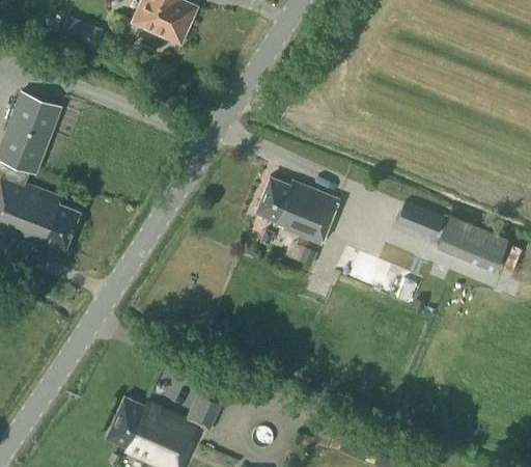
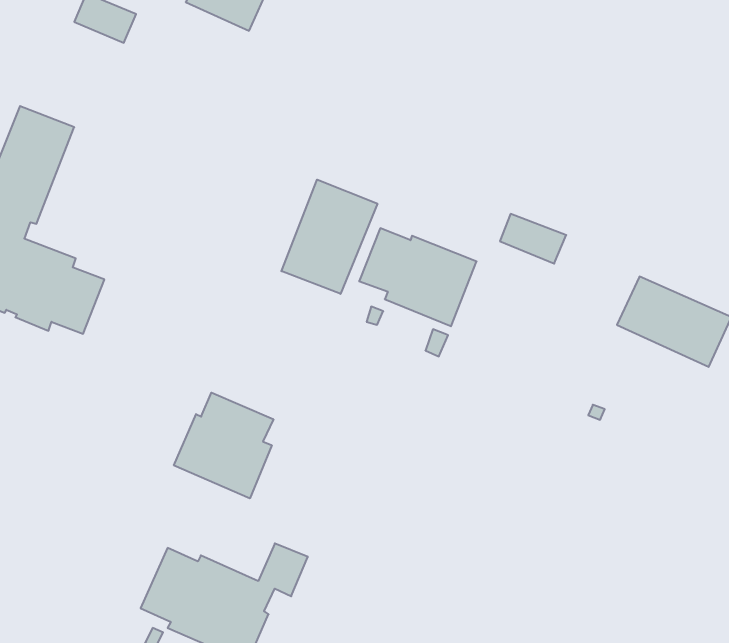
building: none -> [281,180,377,294]
building: [397,204,443,239] -> [500,214,566,264]
building: none -> [174,393,273,498]

